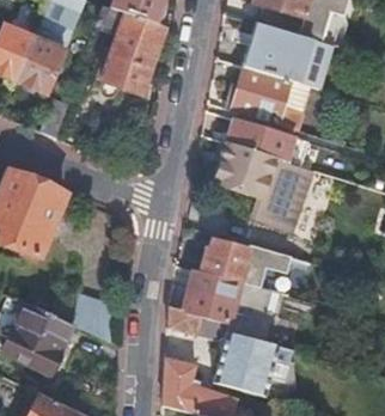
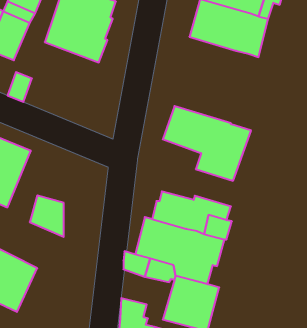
building: [231,66,310,129] -> none
building: [226,117,310,166] -> none
building: [72,295,110,342] -> [30,195,64,237]

